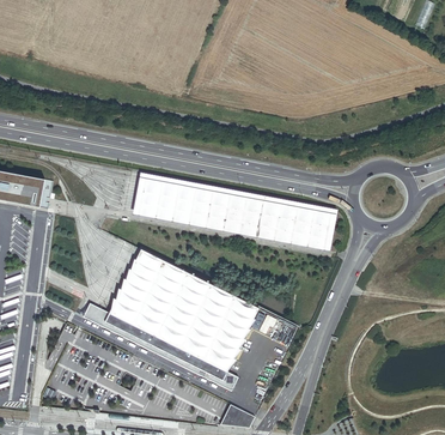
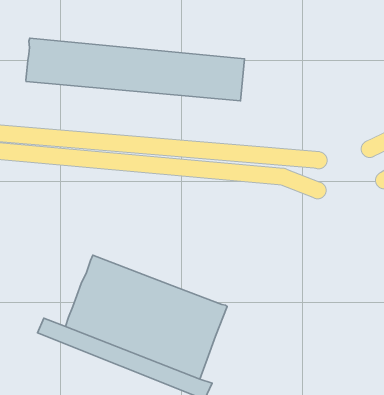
building: [132,173,335,248] -> [26,38,244,101]

